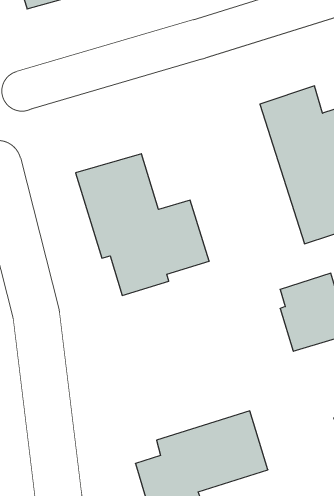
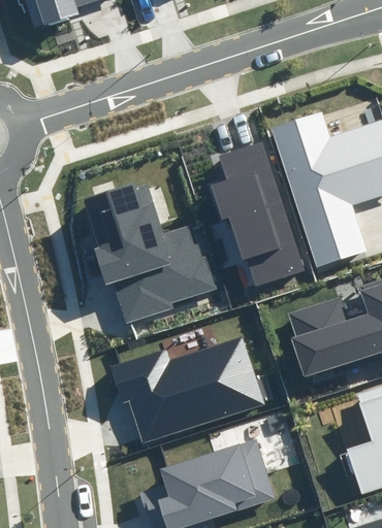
building: none -> [208,140,304,286]
building: none -> [108,336,266,443]

